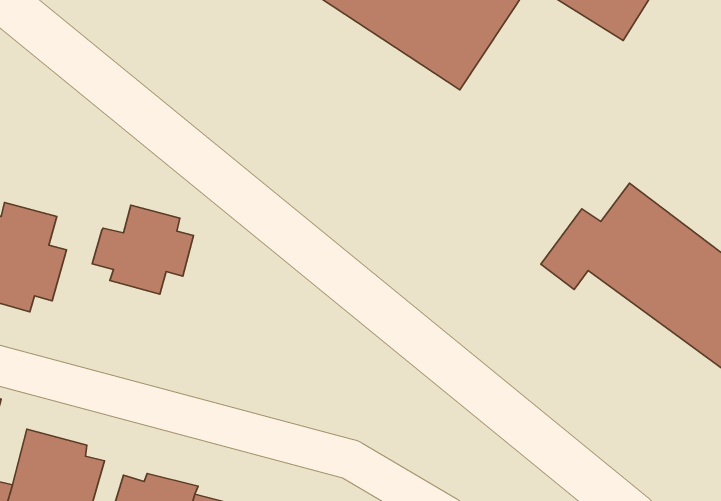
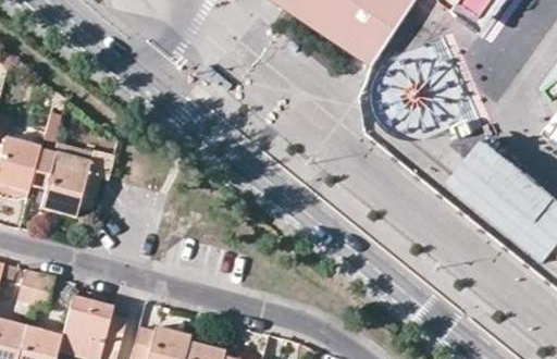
building: [92,205,193,294] -> none

